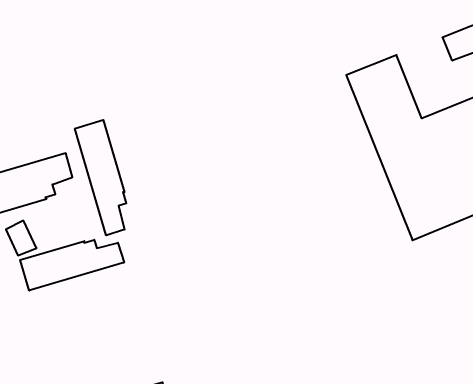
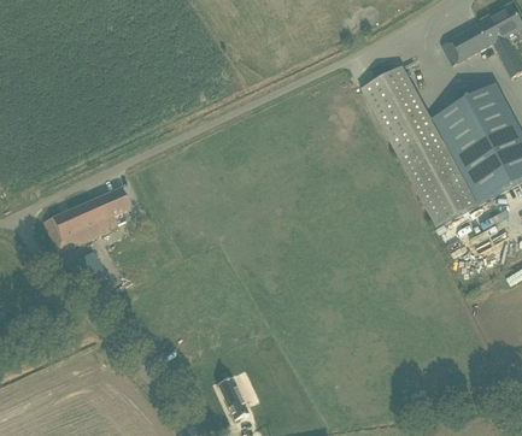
building: [75,120,126,235] -> none
building: [20,240,124,291] -> none

